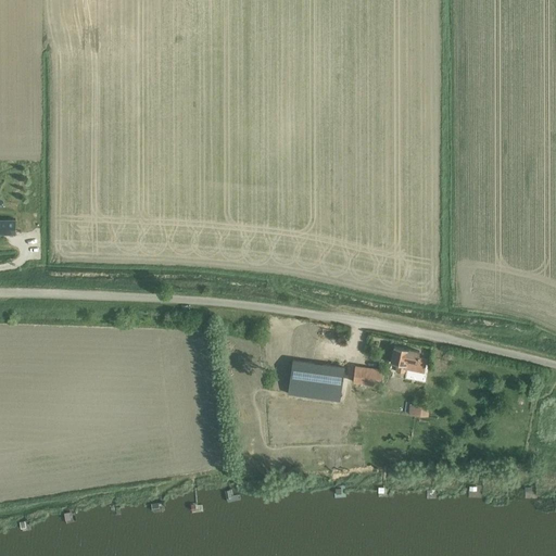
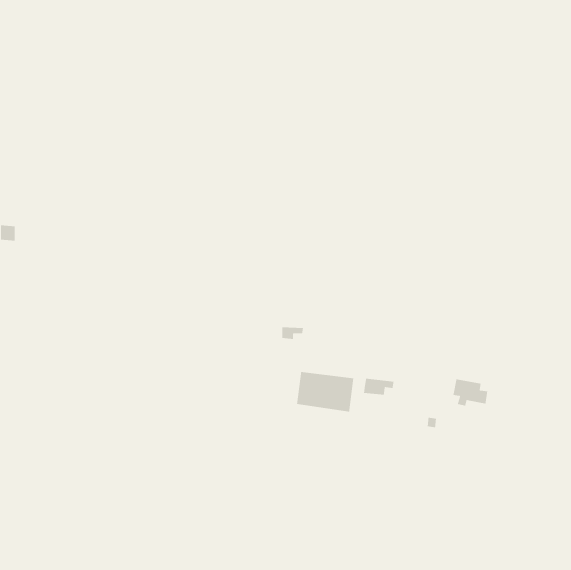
building: [391,348,426,375] -> [453,379,488,407]

